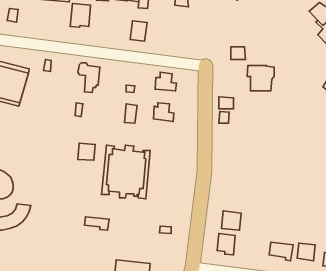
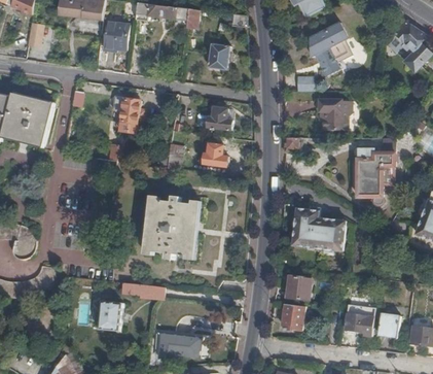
building: none -> [308,23,352,72]
building: [130,21,147,41] -> [209,44,229,69]
building: none -> [357,146,395,196]
building: [78,143,95,160] -> none
building: none -> [291,210,345,248]
building: none -> [98,300,121,330]

